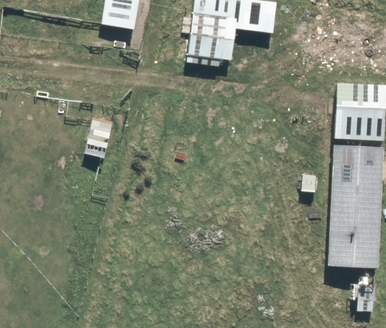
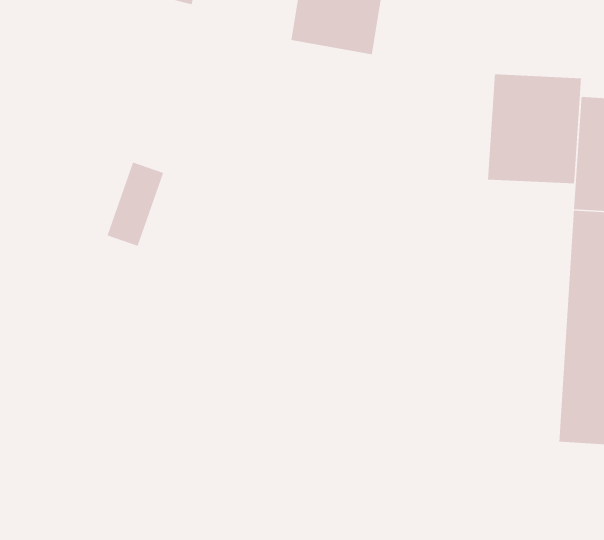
building: none -> [487,73,582,184]

